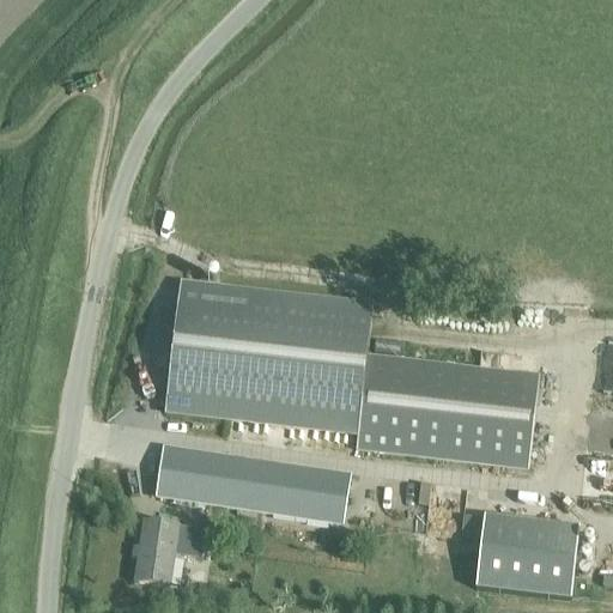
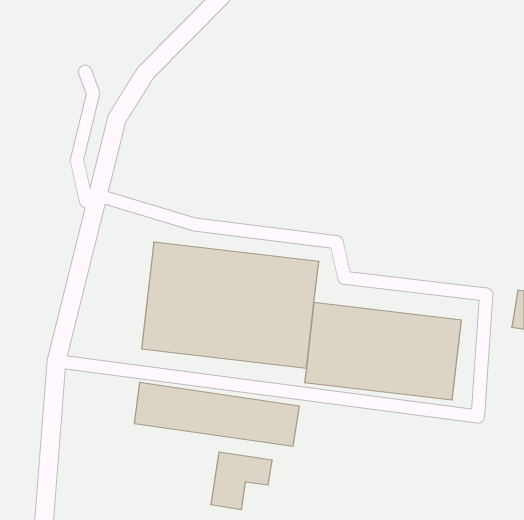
building: [469,514,571,594] -> none
building: [134,518,206,585] -> [211,452,272,509]

